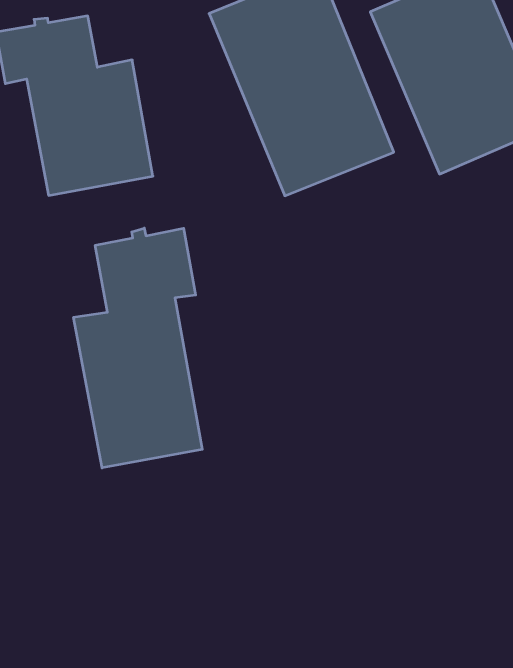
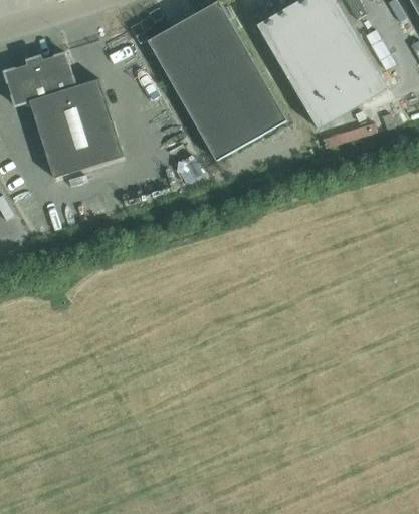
building: [74,228,202,468] -> none

